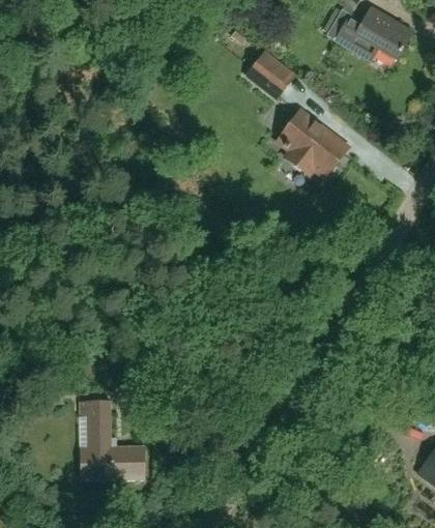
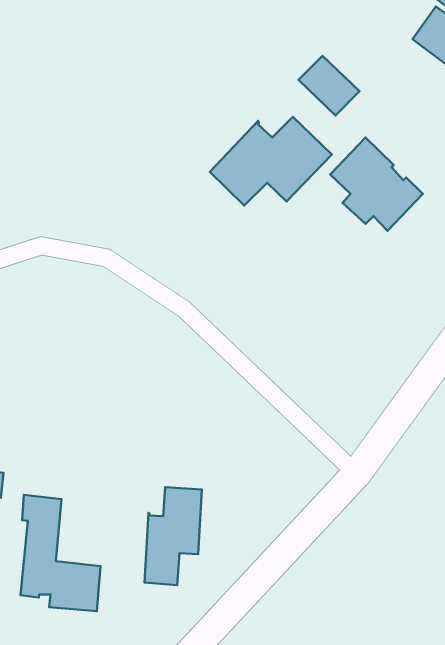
building: none -> [210,117,332,206]
building: none -> [145,487,202,585]

